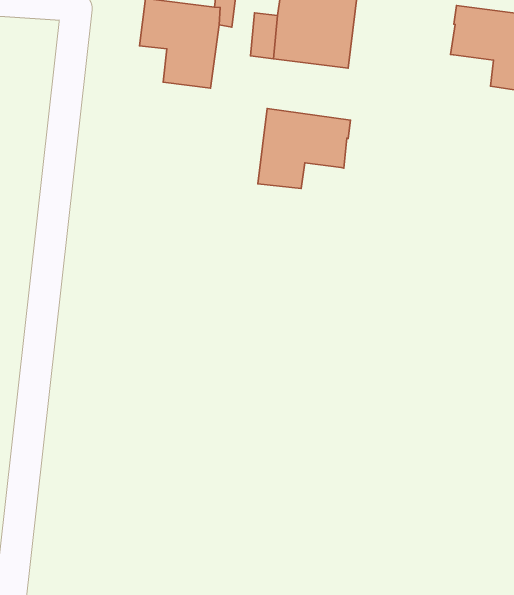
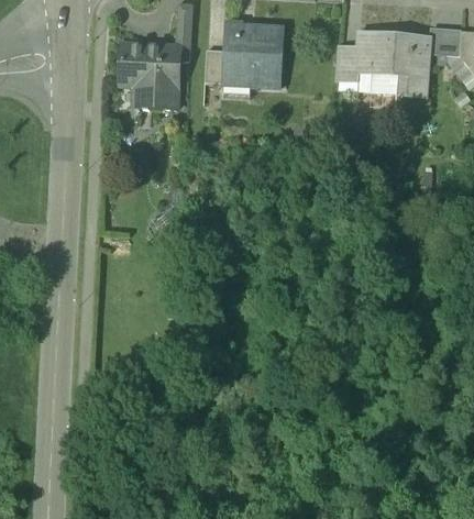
building: none -> [337,47,359,80]
building: [258,109,350,188] -> none

